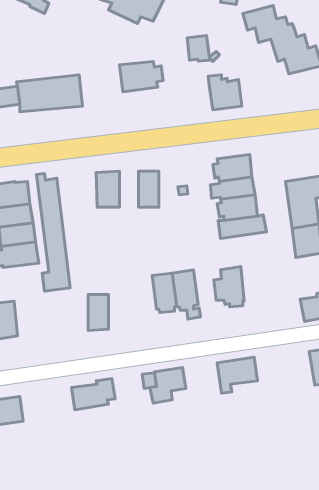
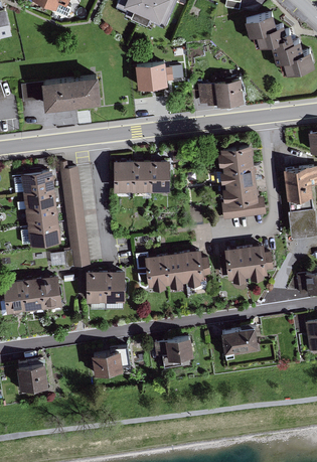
building: [187,36,210,61] -> [197,83,217,106]
building: none -> [134,160,151,192]
building: none -> [243,244,273,280]
building: none -> [135,253,167,290]
building: none -> [86,271,106,303]
building: none -> [39,275,62,308]

